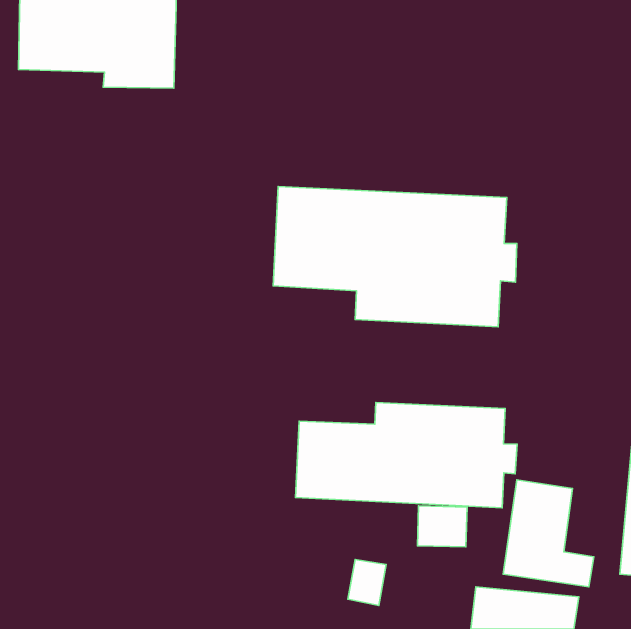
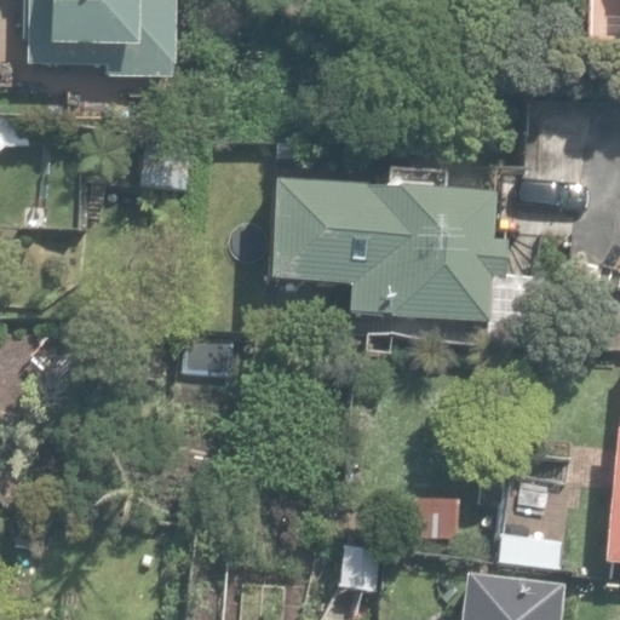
building: [295,402,517,508] -> none

